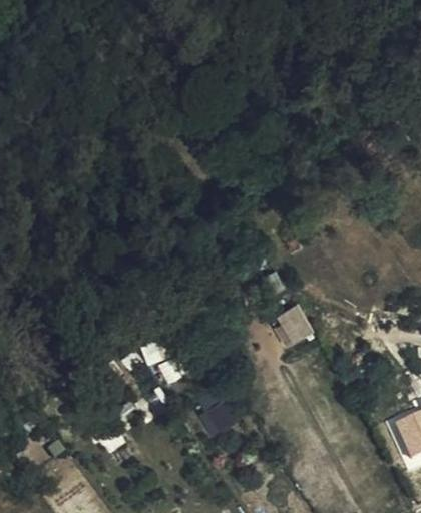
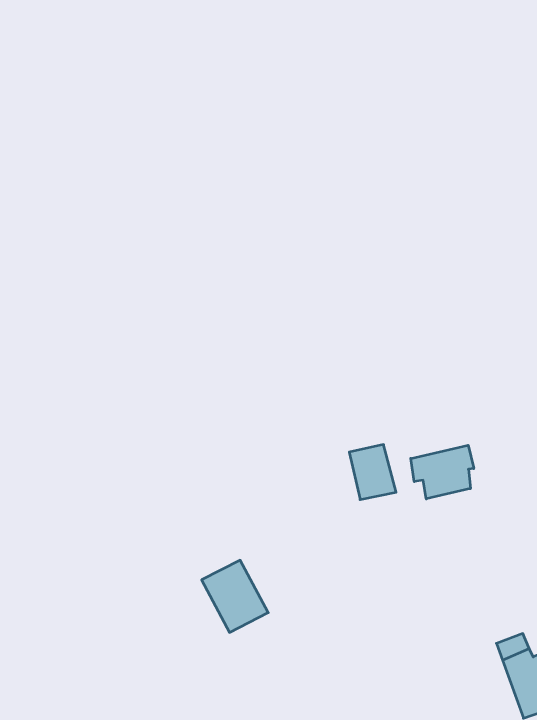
building: none -> [411,445,474,499]

